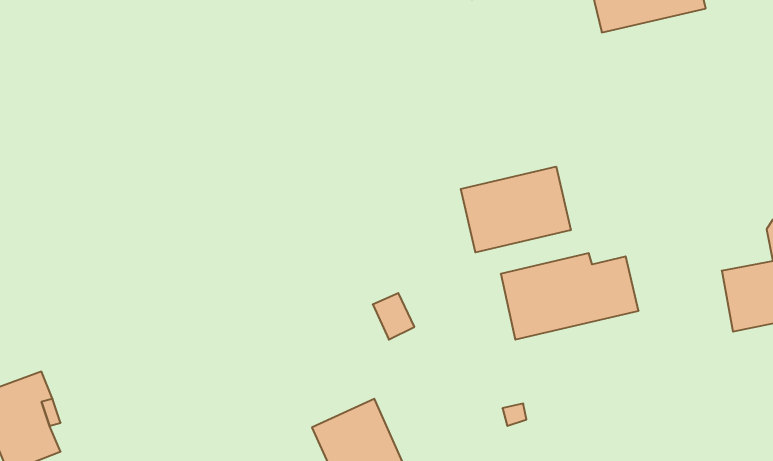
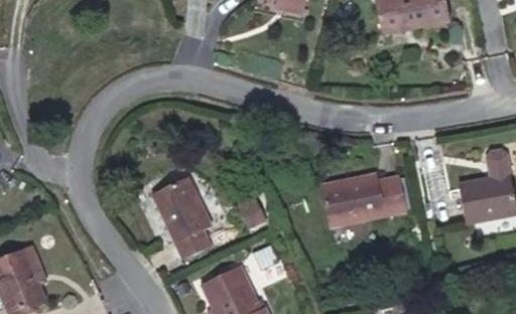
building: [461,167,571,252] -> none
building: none -> [151,176,211,259]

